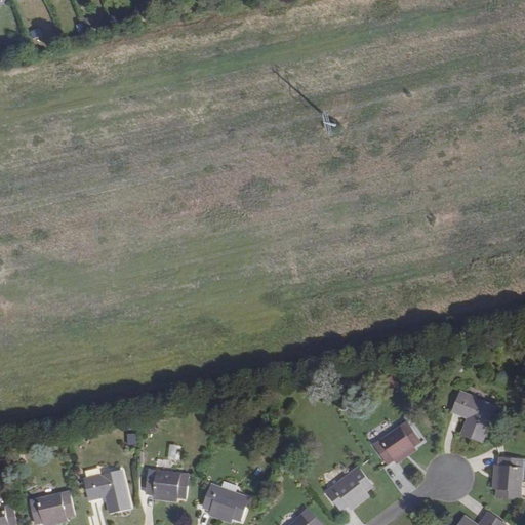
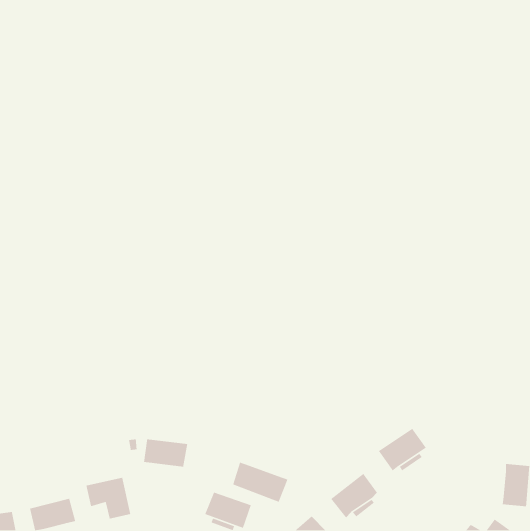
building: [451,392,494,441] -> none
building: none -> [232,461,288,503]
building: [145,469,189,497] -> [143,438,188,468]

